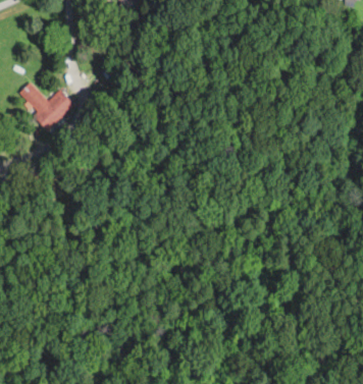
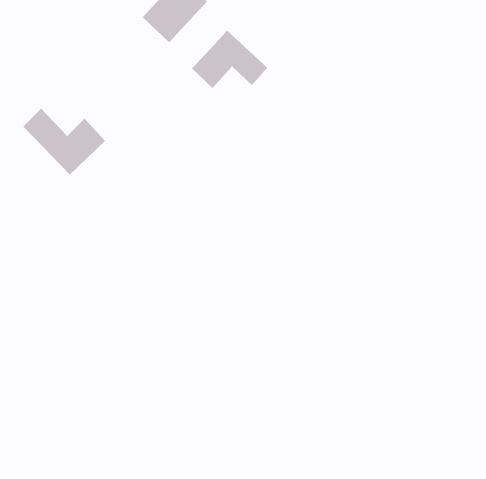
building: none -> [191,30,268,89]

